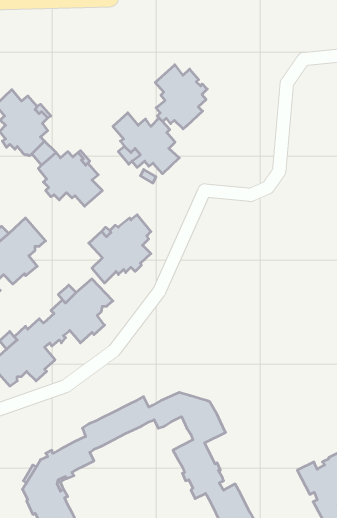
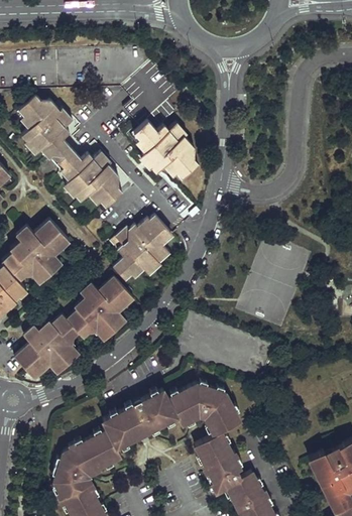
building: [155,65,207,129] -> none

